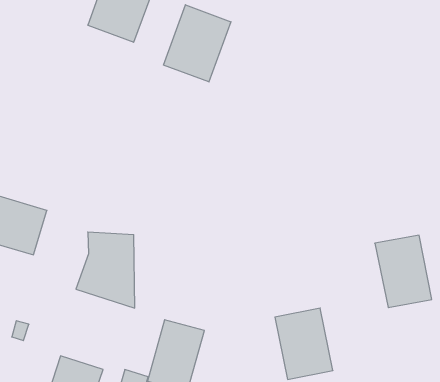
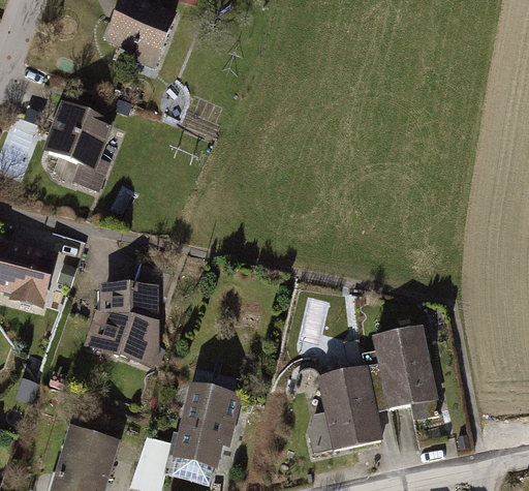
building: [163,5,231,82] -> none
building: none -> [42,101,113,193]
building: [375,235,432,308] -> [372,328,437,410]

